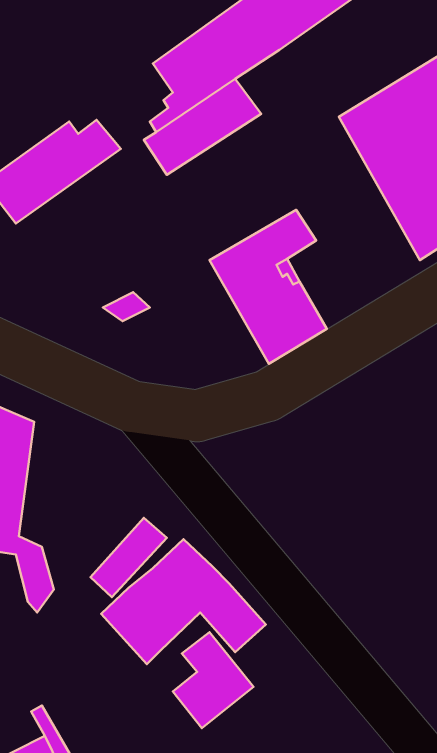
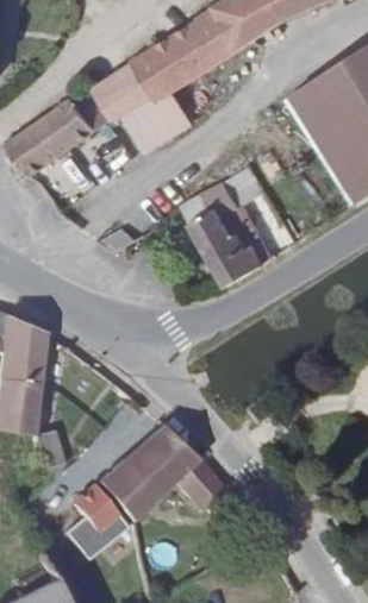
building: none -> [101,52,156,117]
building: [173,632,254,728] -> [67,485,130,560]

